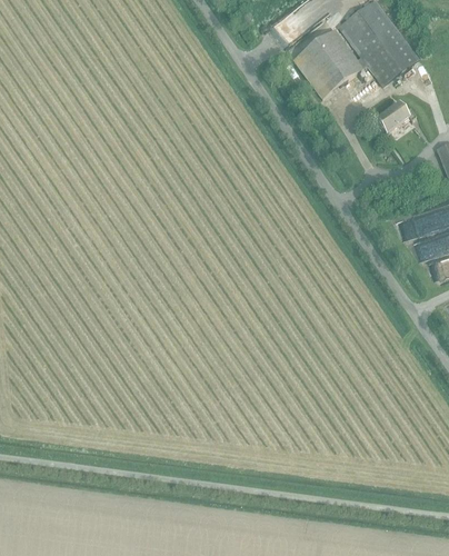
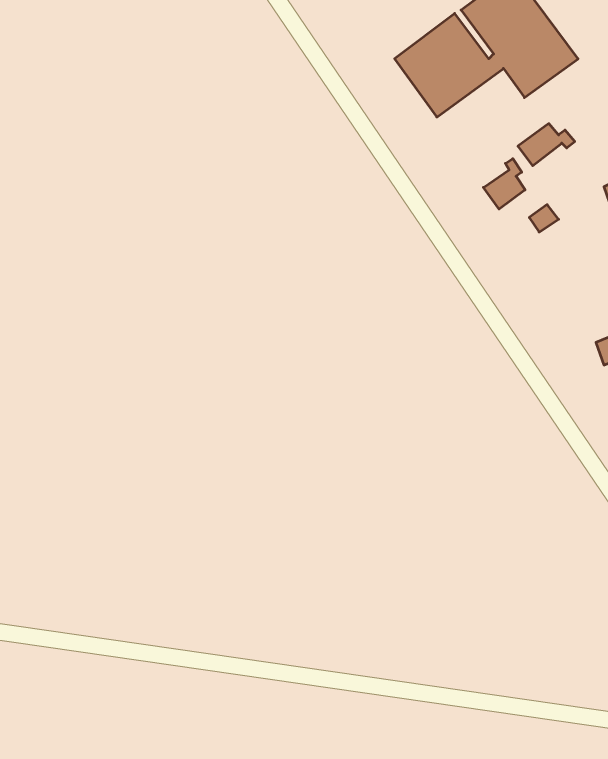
building: none -> [483,159,525,209]

